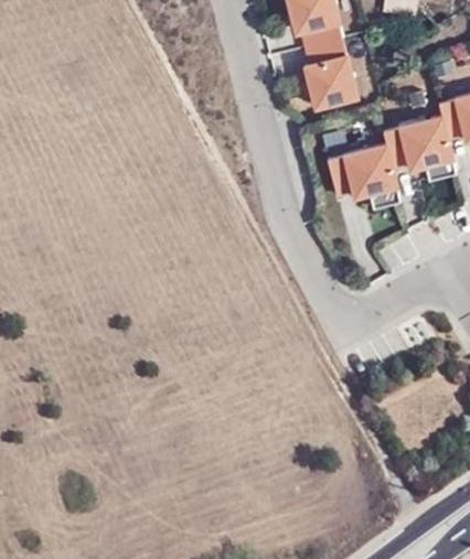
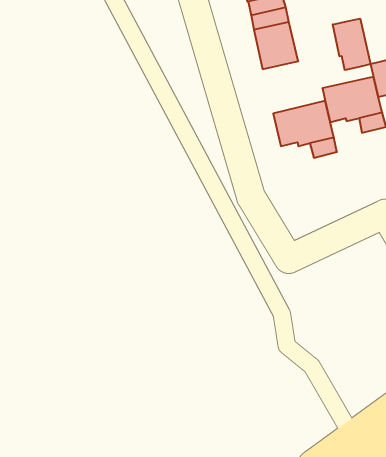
building: none -> [333,19,371,70]

